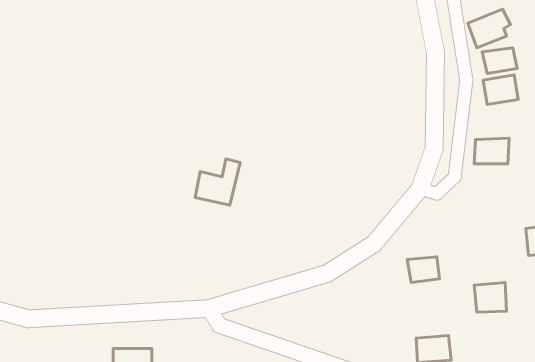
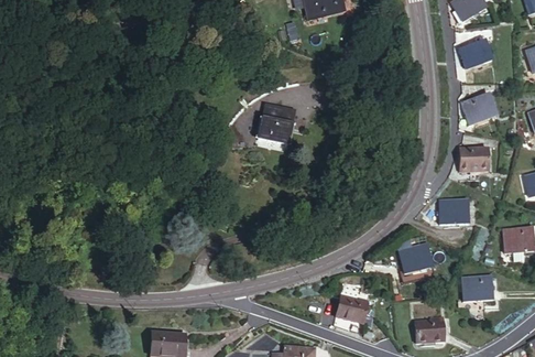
building: [482,48,517,74] -> none
building: [195,159,240,205] -> [256,109,295,149]
building: none -> [440,199,467,225]
building: none -> [338,292,373,323]

